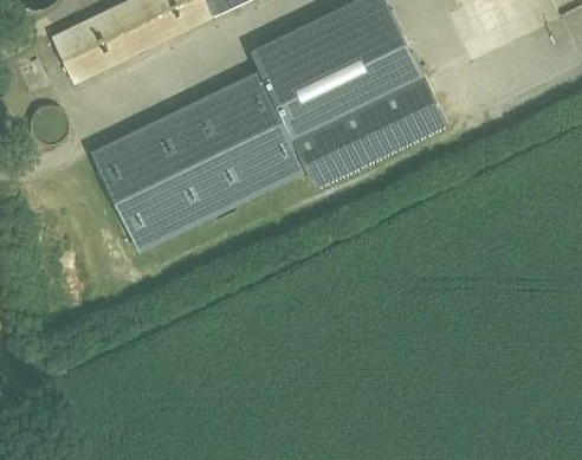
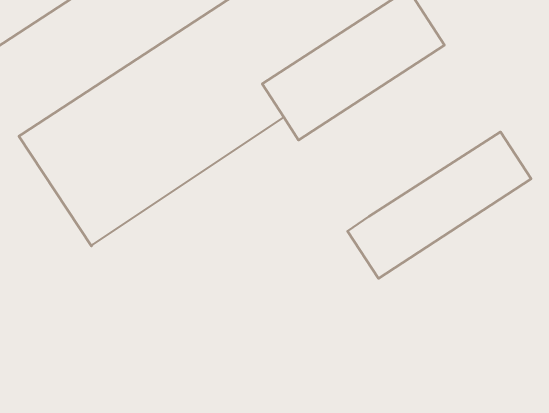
building: none -> [348,132,531,278]

